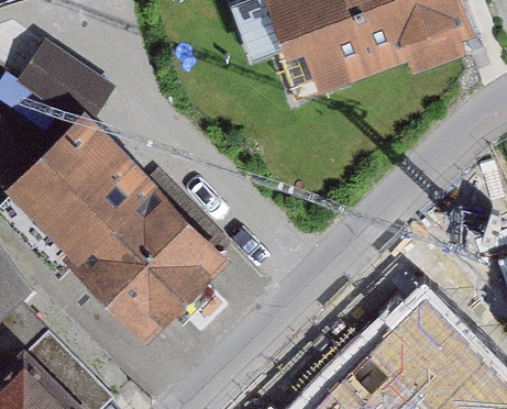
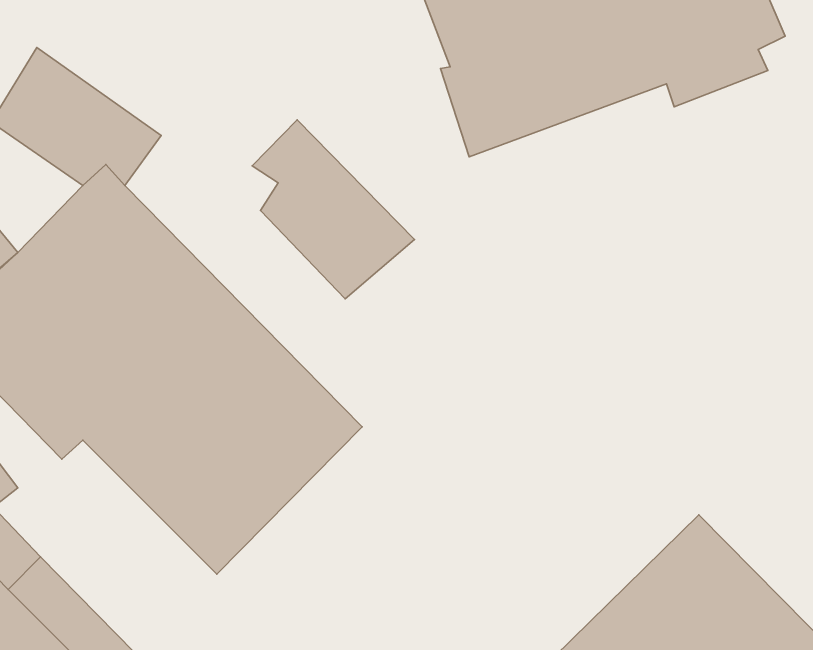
building: none -> [252,120,414,299]

